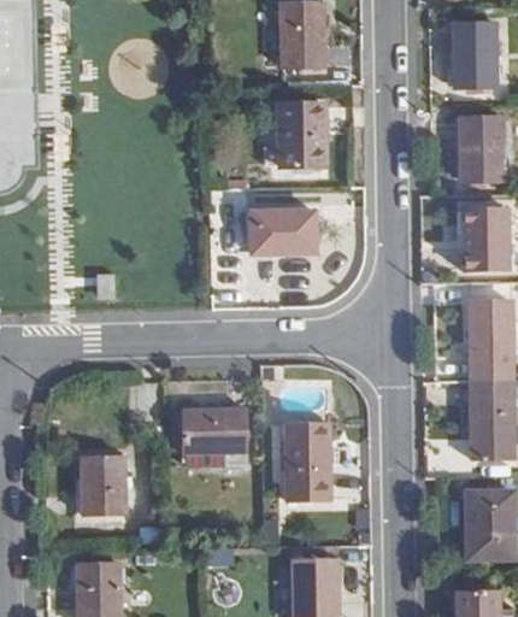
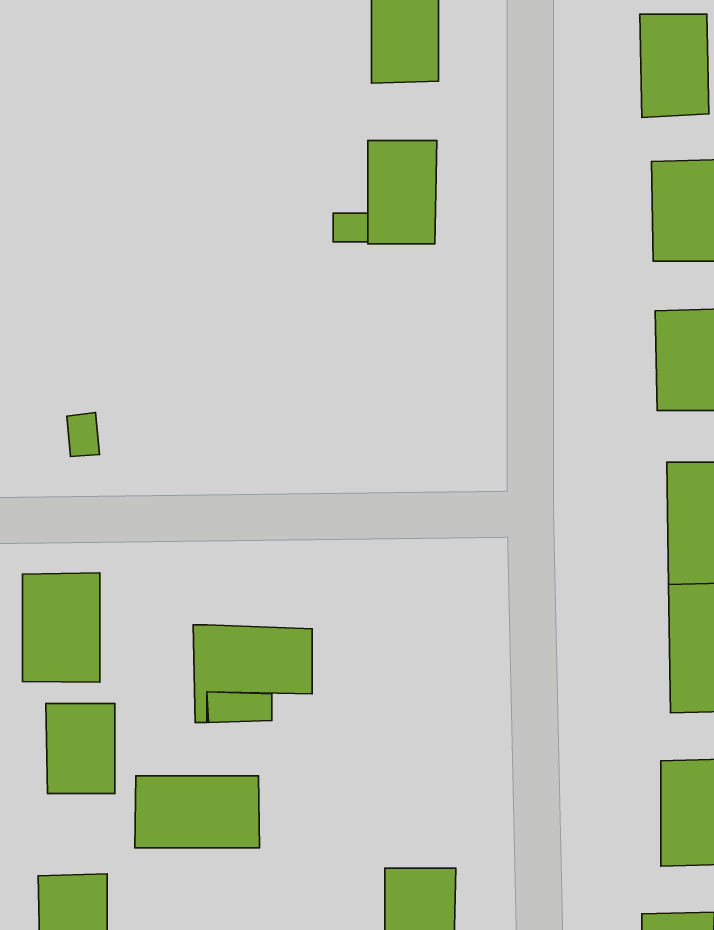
building: [251,211,314,253] -> none
building: none -> [22,573,100,682]
building: [288,423,330,503] -> none
building: none -> [135,776,260,848]

